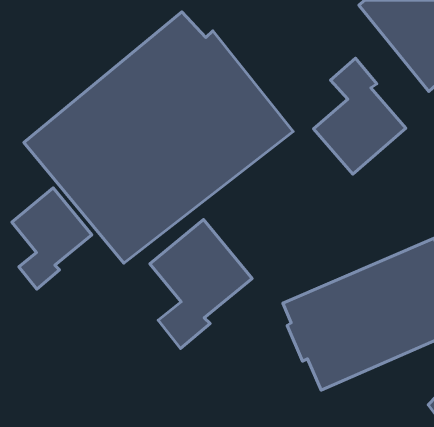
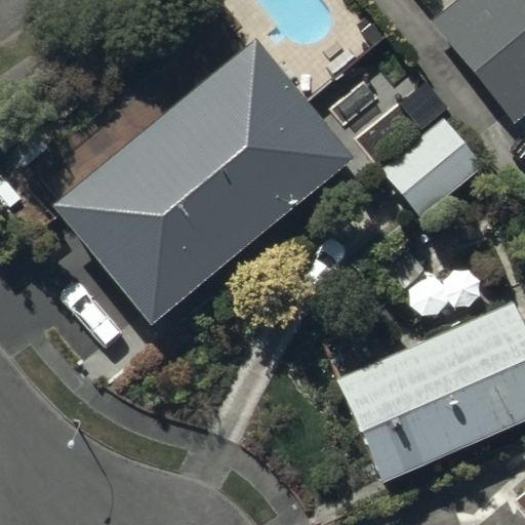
building: [12,188,92,289] -> none
building: [150,219,252,349] -> none

